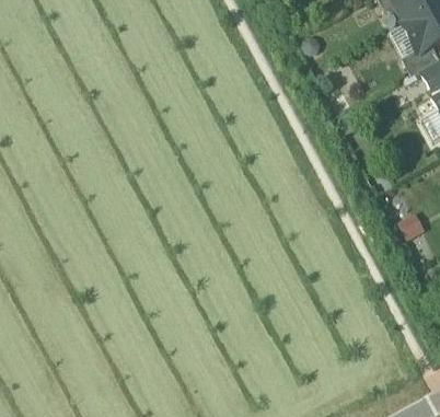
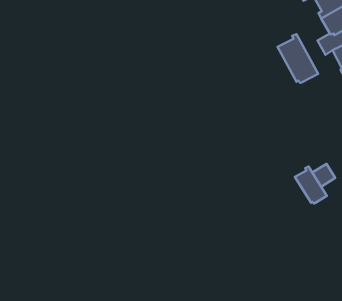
building: none -> [278,34,318,83]
building: none -> [295,167,327,203]

